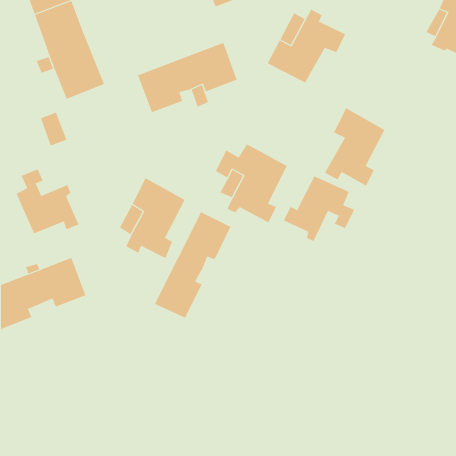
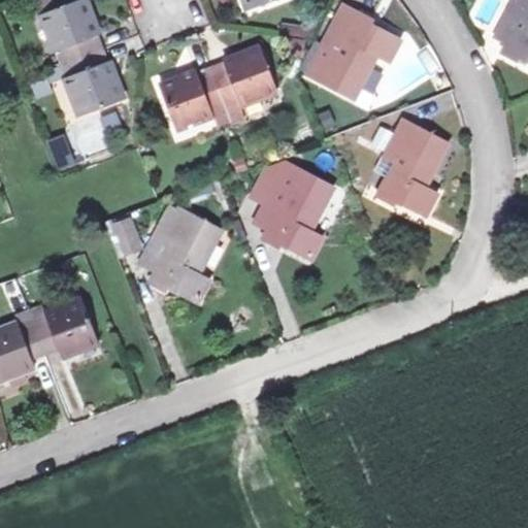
building: [16,168,79,234] -> none
building: [283,176,355,242] -> none
building: none -> [109,213,145,256]
building: [154,211,231,318] -> none

